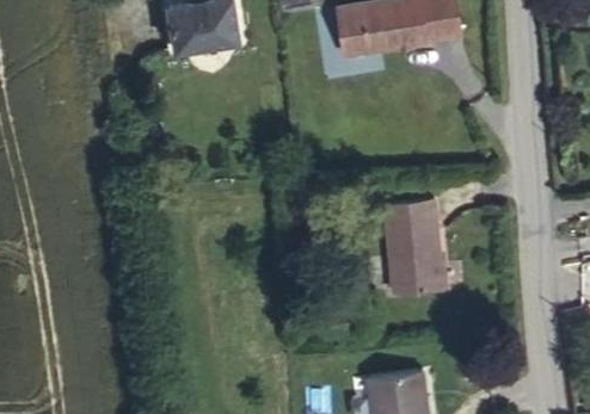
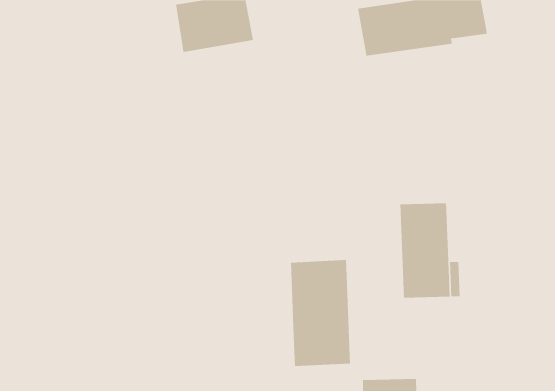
building: none -> [290,259,351,367]

